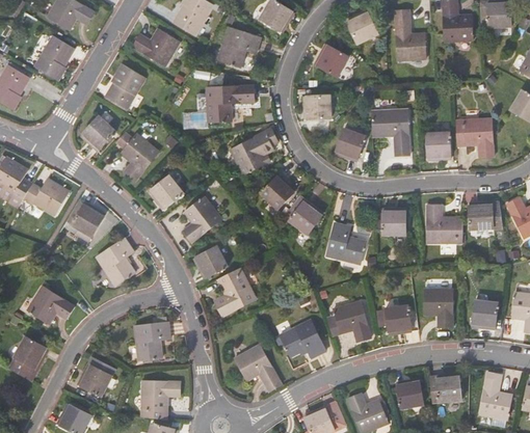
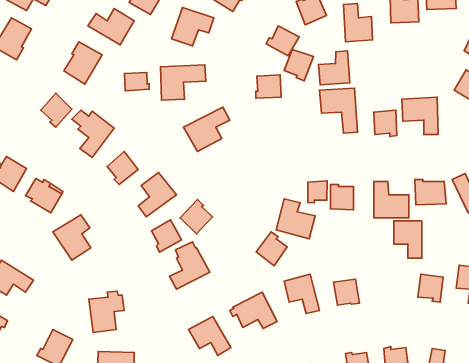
building: none -> [319,51,350,85]
building: none -> [124,72,149,91]
building: [336,129,366,161] -> [284,50,313,81]
building: [261,173,294,209] -> [180,200,212,234]
building: [288,199,320,235] -> [256,232,287,266]
building: none -> [308,181,327,203]
building: [423,290,452,328] -> [394,221,422,258]

